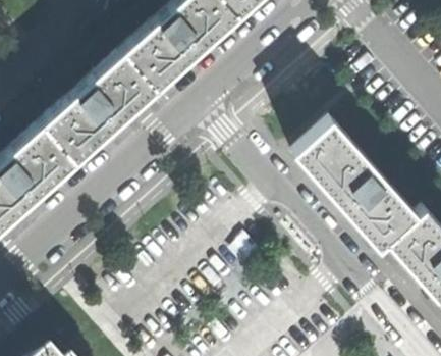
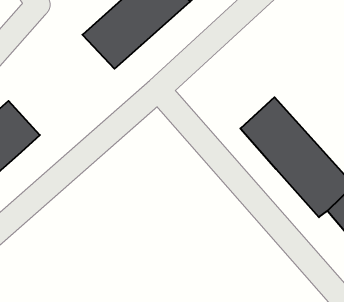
building: [43,51,157,159] -> none

